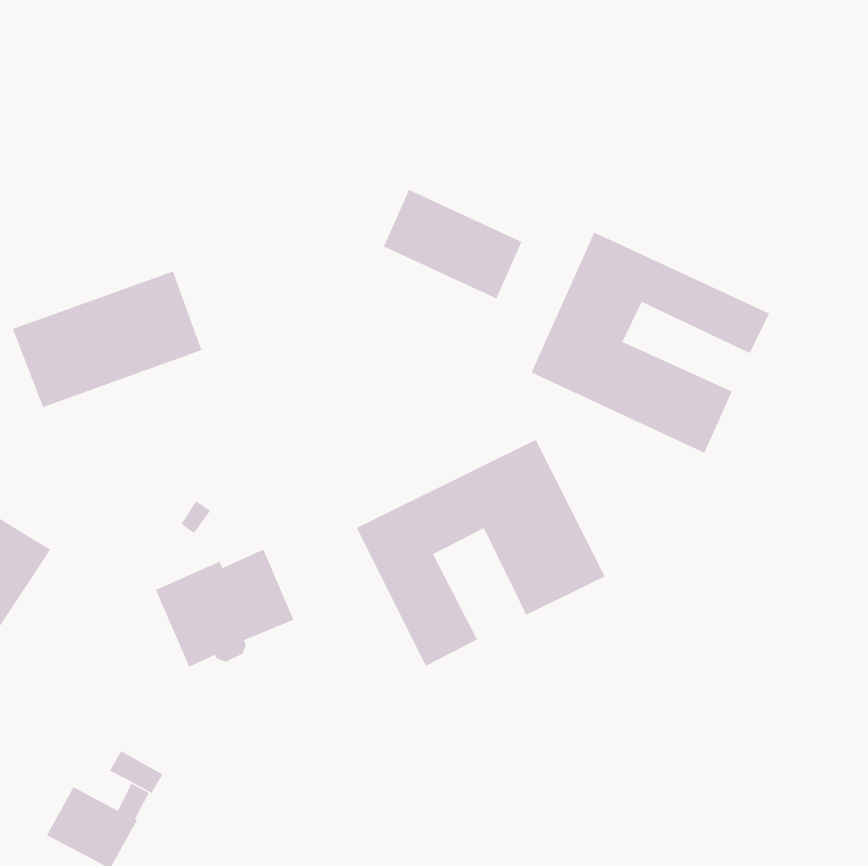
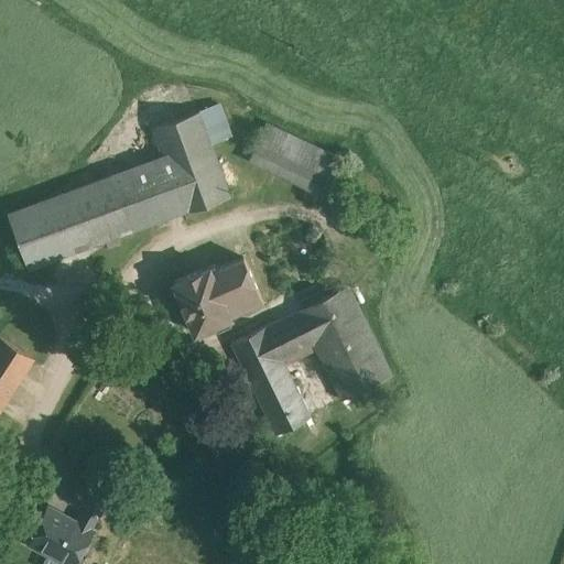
building: none -> [112,106,230,229]
building: [531,232,770,454] -> none
building: [155,549,294,668] -> [172,258,262,335]

